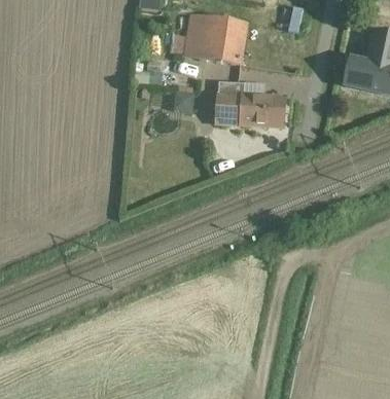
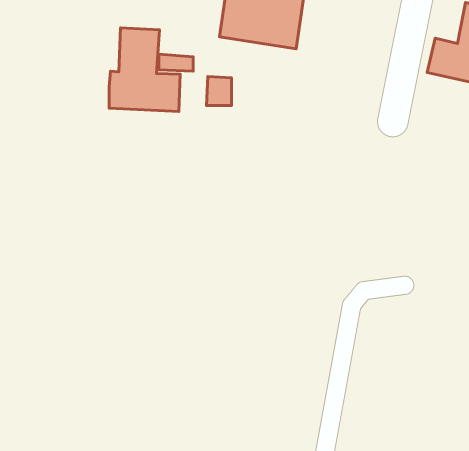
building: none -> [109,28,180,111]
building: [216,80,285,126] -> none

